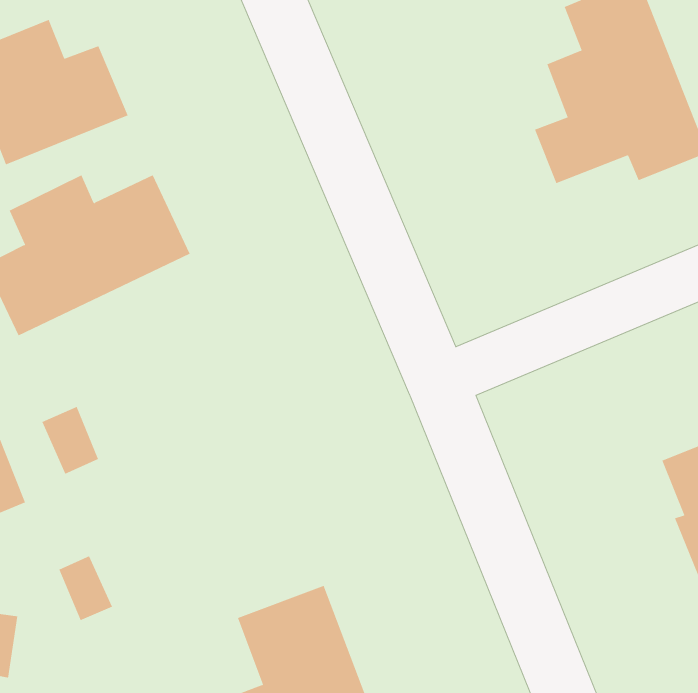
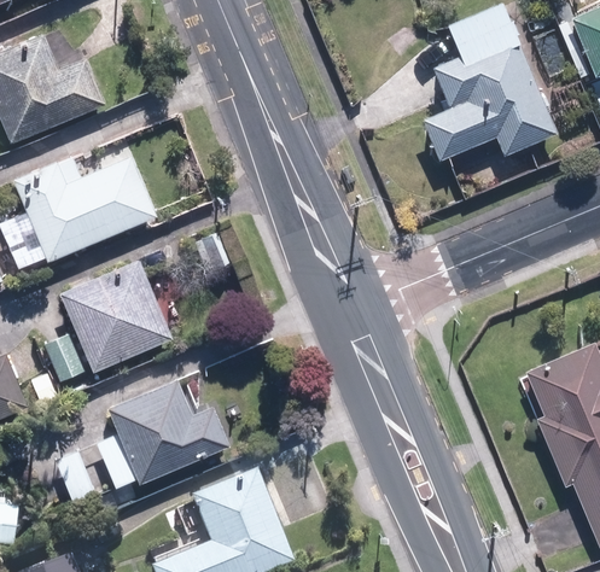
building: none -> [58,258,174,372]
building: none -> [97,379,233,488]

